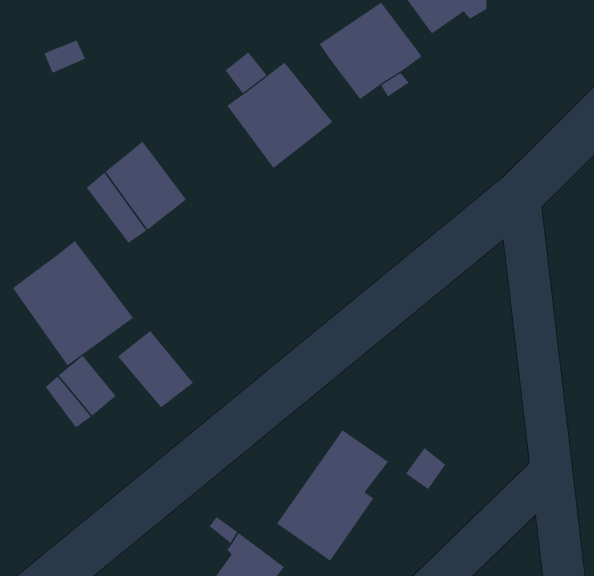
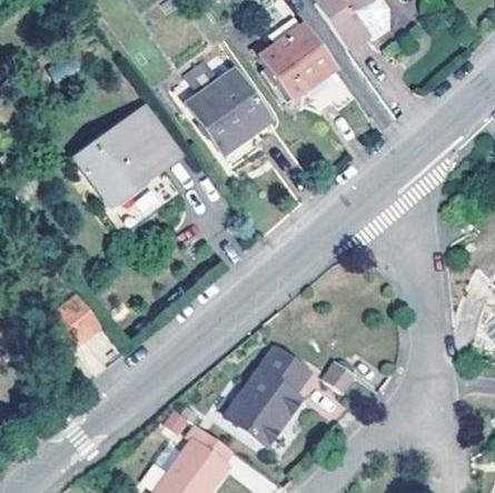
building: none -> [125,112,180,173]
building: [12,240,134,366] -> none
building: [117,330,194,408] -> none

